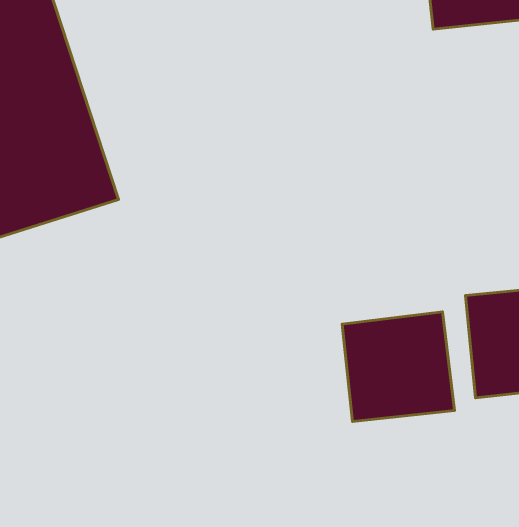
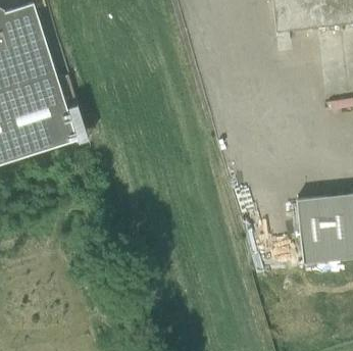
building: [342,312,455,422] -> none

